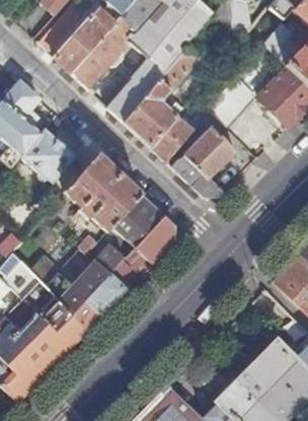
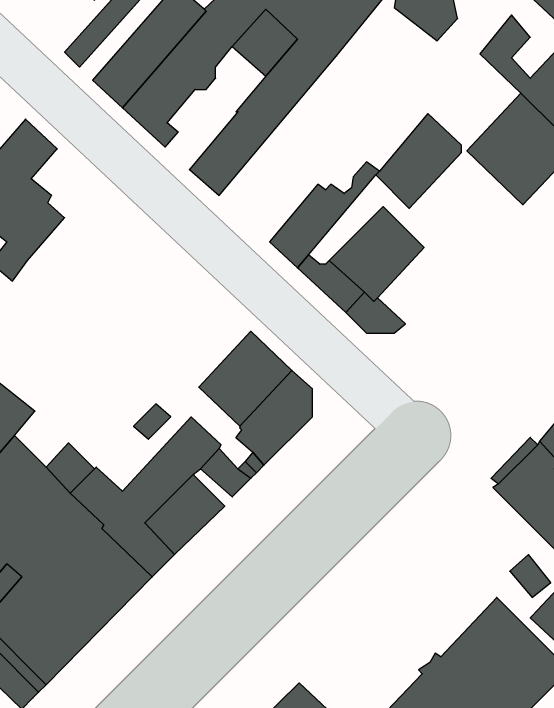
building: [124,46,200,147] -> none
building: [19,130,74,183] -> none
building: [64,153,141,232] -> none

